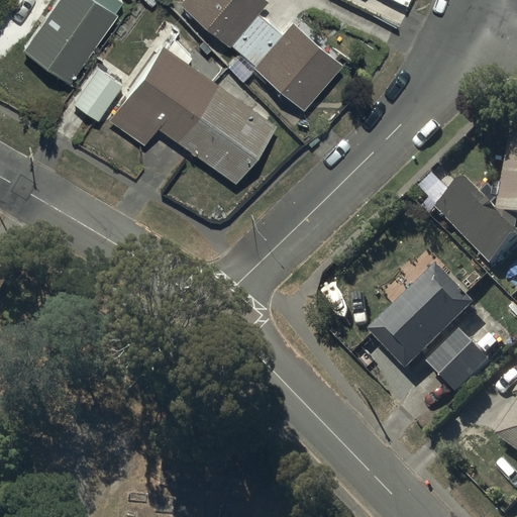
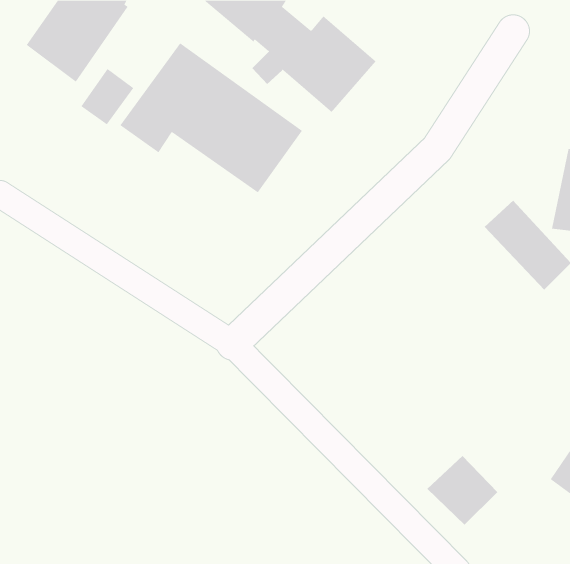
building: [372,270,479,375] -> none
building: [428,335,493,399] -> [427,455,498,526]

